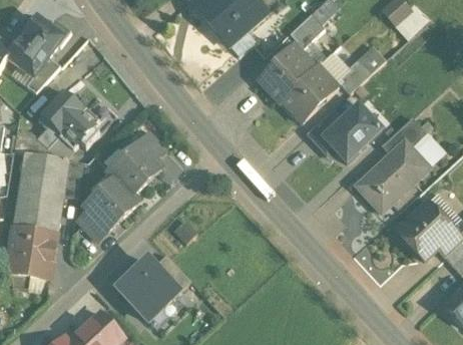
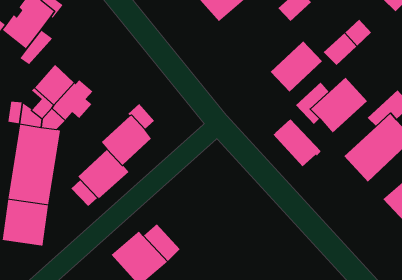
building: [259,47,313,101] -> none
building: none -> [272,118,322,167]

